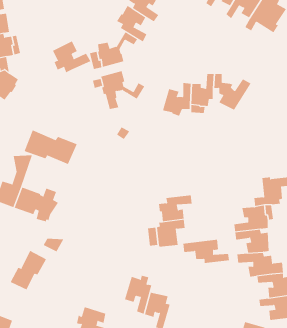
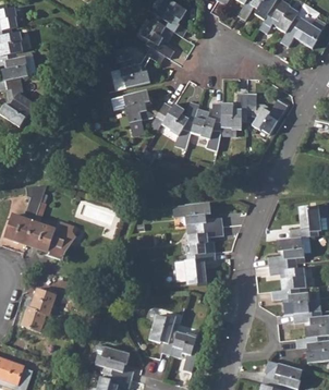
building: [52,40,91,73] -> none
building: none -> [160,103,198,137]
building: [24,130,78,165] -> none
building: [183,239,230,263] -> [170,204,221,230]

